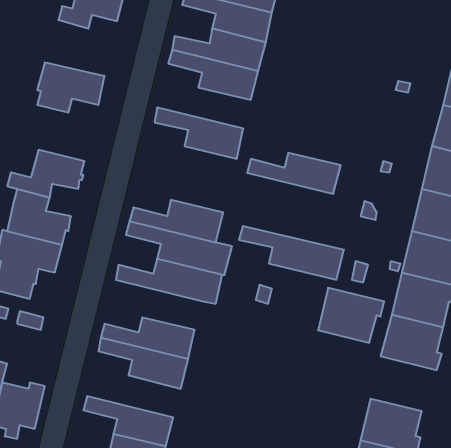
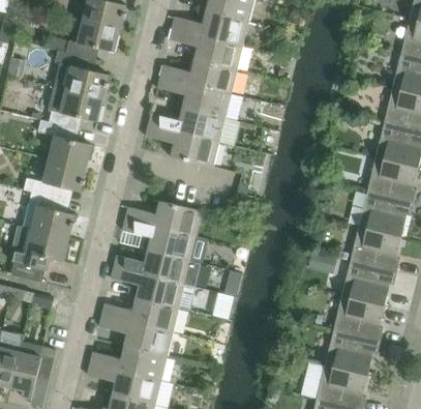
building: none -> [54,51,109,98]
building: none -> [37,120,92,169]
building: [247,153,341,194] -> [147,108,224,142]
building: [239,226,344,280] -> [110,267,197,312]
building: [318,288,384,343] -> [324,330,379,376]
building: none -> [89,346,167,381]

